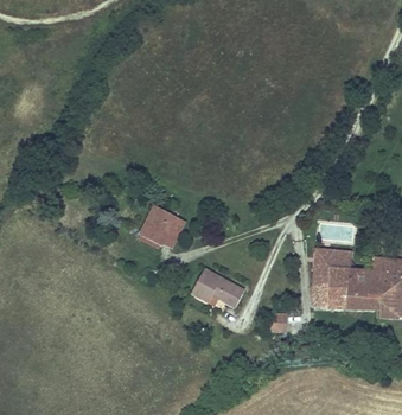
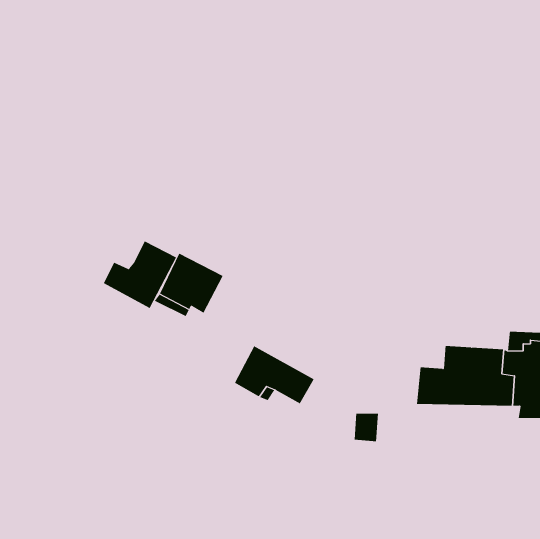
building: none -> [103,241,177,309]
building: [314,249,350,282] -> none

